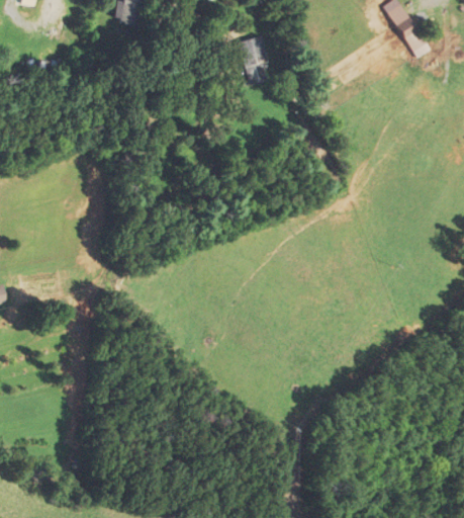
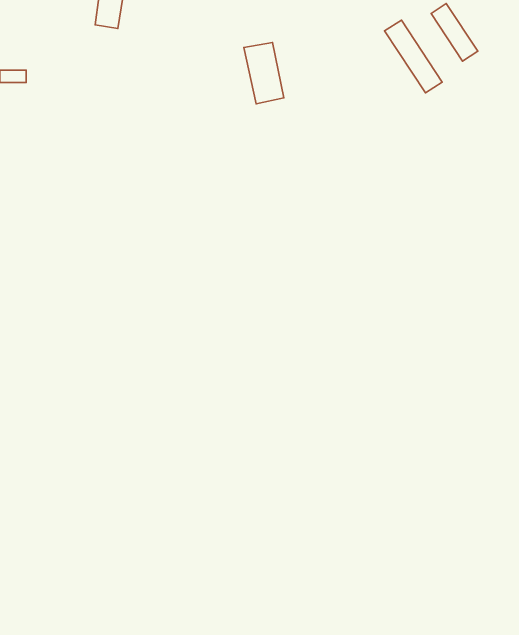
building: none -> [385,20,442,93]

